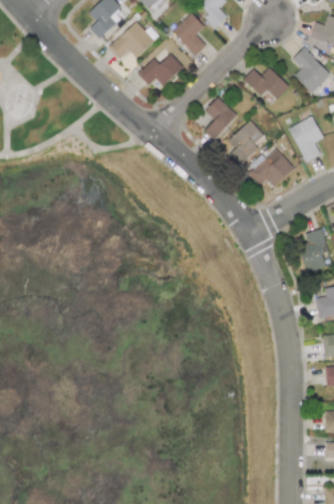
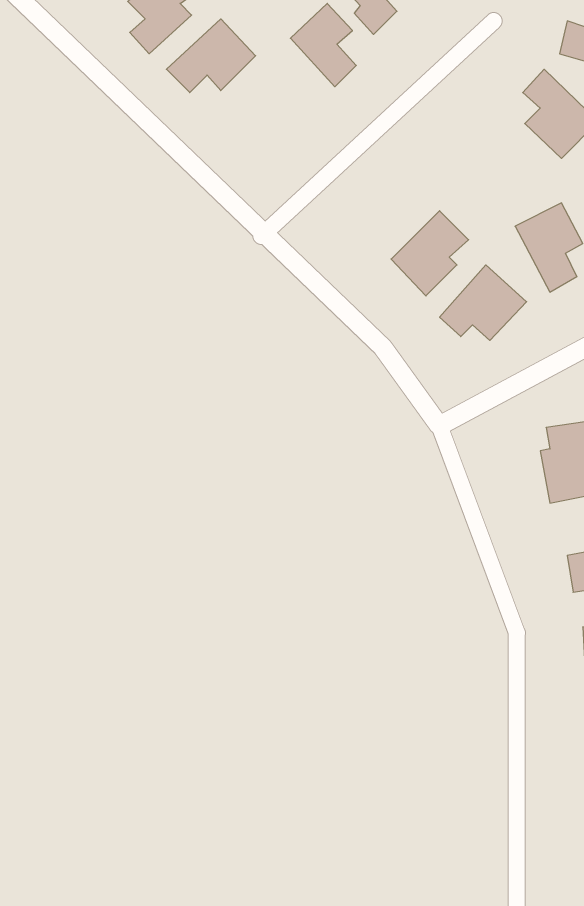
building: [138,54,183,86] -> none
building: [244,67,289,99] -> none
building: [204,97,237,140] -> none

